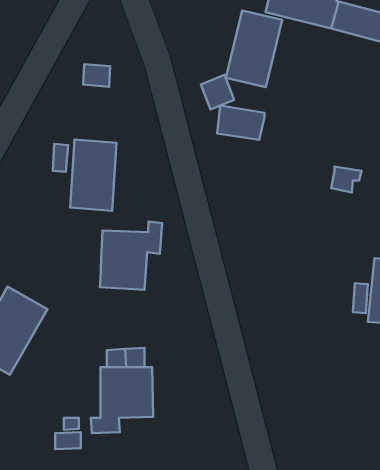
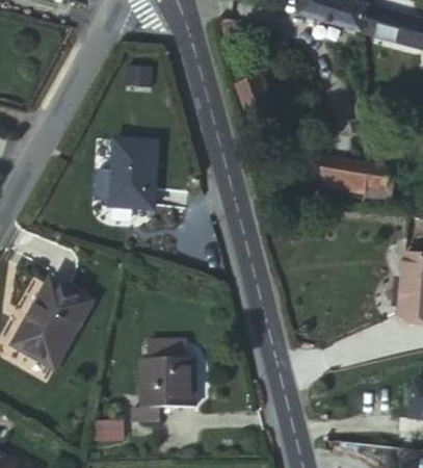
building: [226,11,282,87] -> none
building: [217,105,264,140] -> [320,159,366,192]
building: [100,222,162,290] -> none

